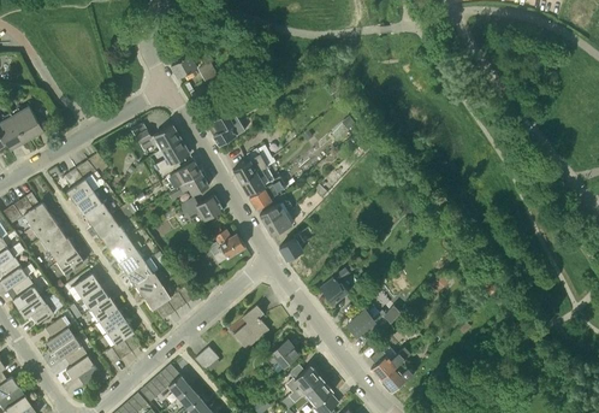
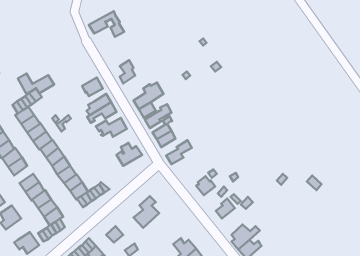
building: [131,123,182,152] -> [18,73,54,94]
building: [54,336,88,366] -> none
building: [266,340,300,373] -> none

